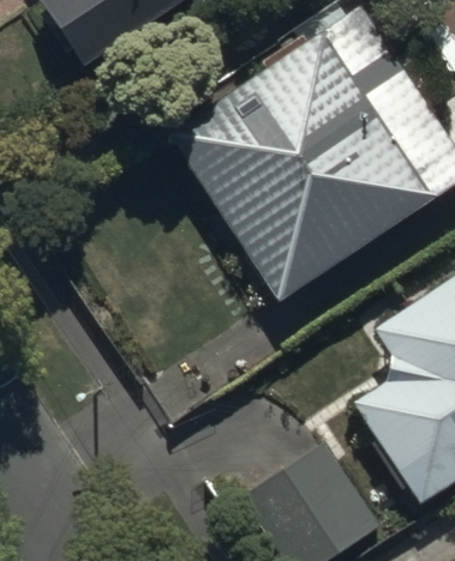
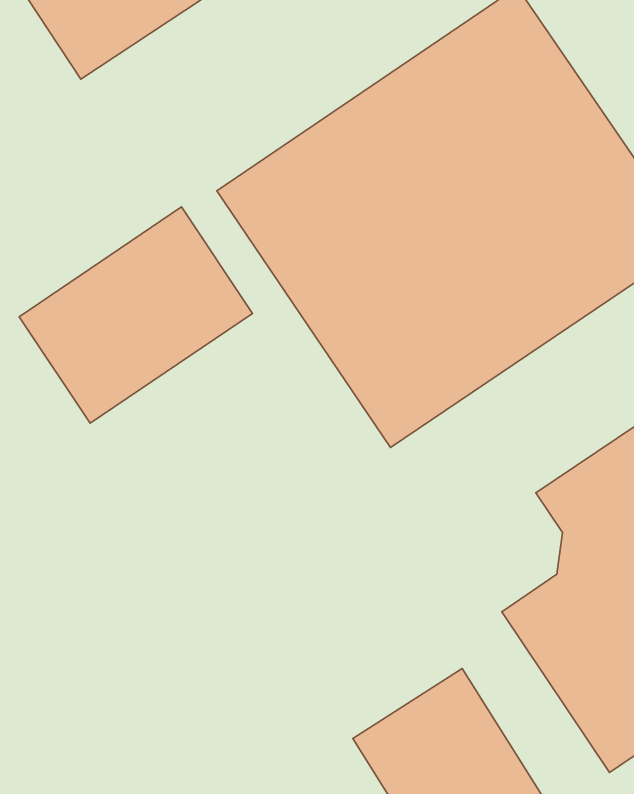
building: none -> [19,207,252,423]

